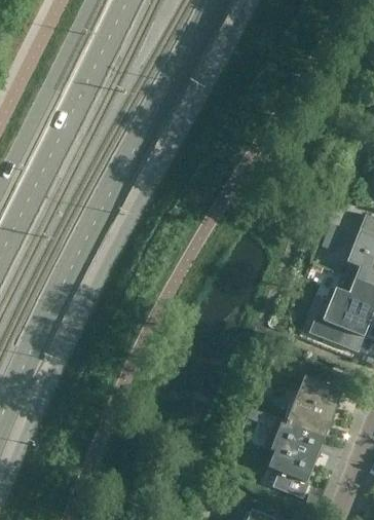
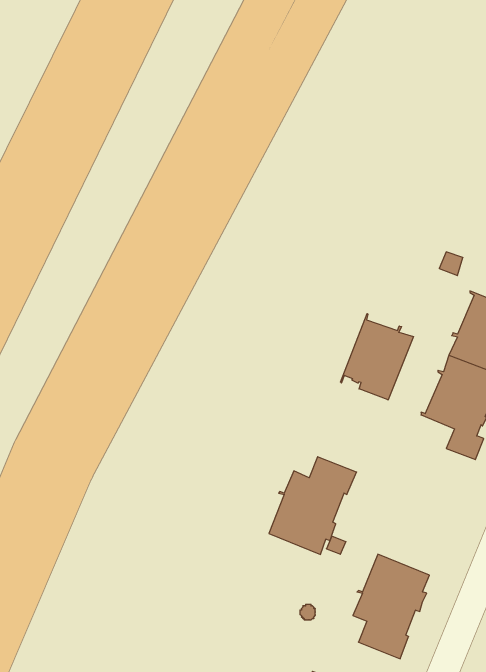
building: none -> [341,314,413,400]
building: [287,366,351,438] -> [269,457,357,554]

